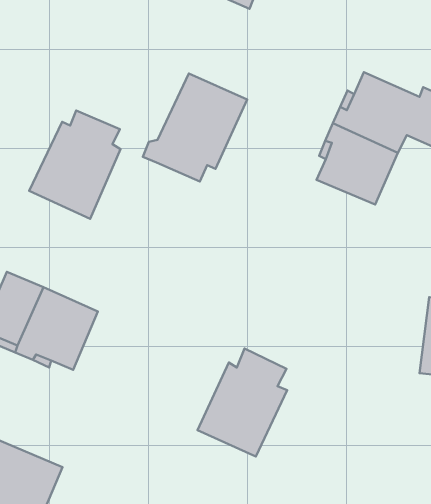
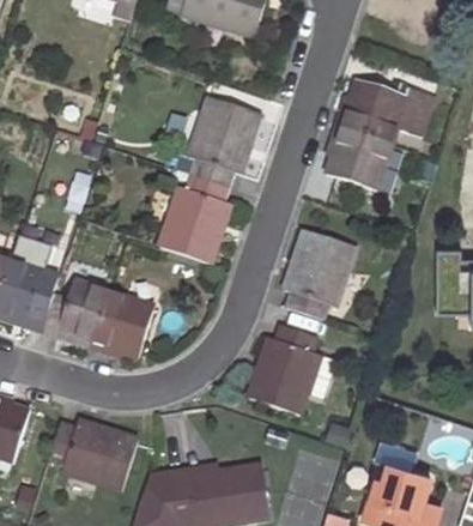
building: [29,110,120,219] -> [158,174,231,264]
building: none -> [284,229,357,320]

